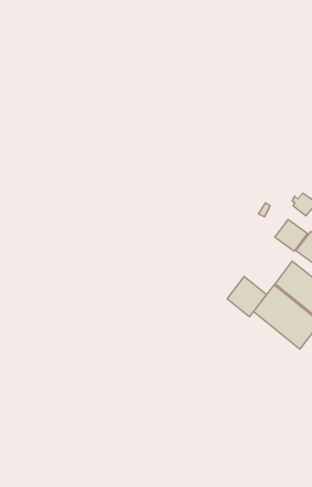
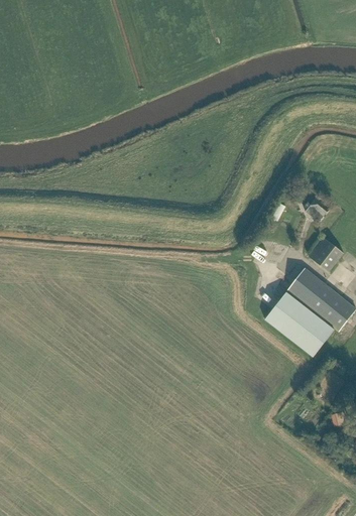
building: [275,219,308,251] -> none
building: [227,276,267,317] -> none

